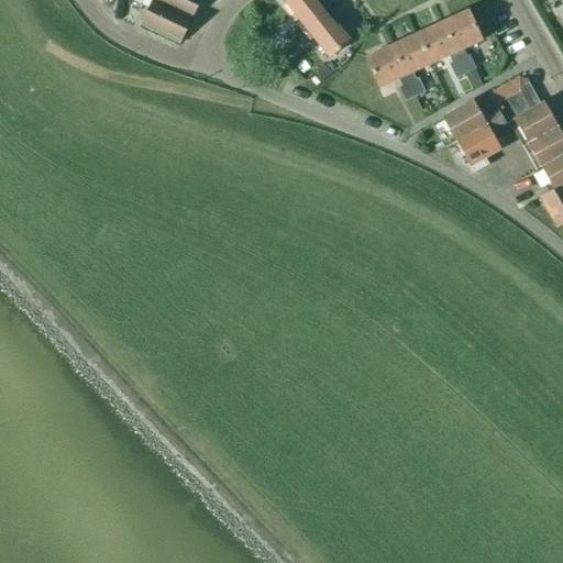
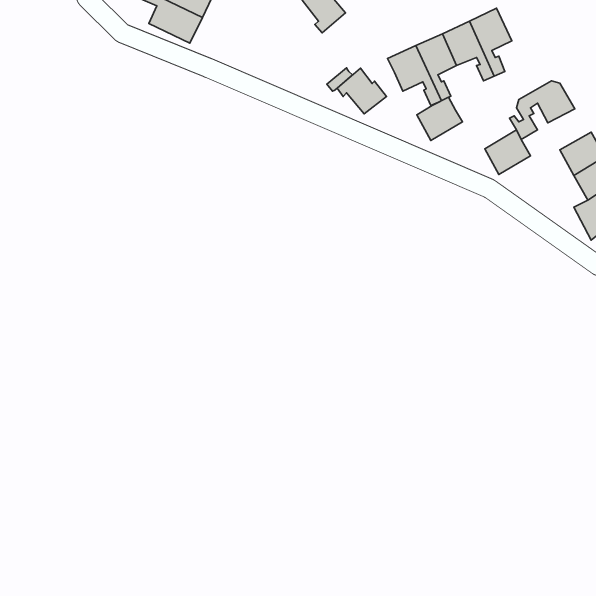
building: [305,12,351,55] -> [337,68,386,114]
building: [444,99,487,140] -> [417,97,463,141]
building: [515,100,558,141] -> none

